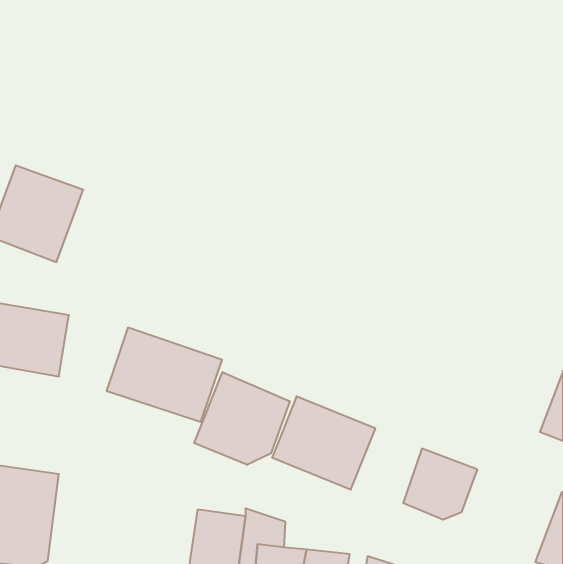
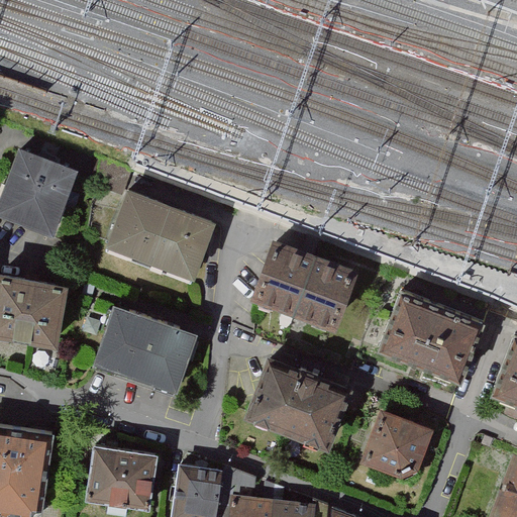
building: none -> [107,195,215,282]
building: none -> [255,243,364,330]
building: none -> [380,294,486,382]
building: [194,372,290,465] -> none
building: none -> [89,450,153,506]

